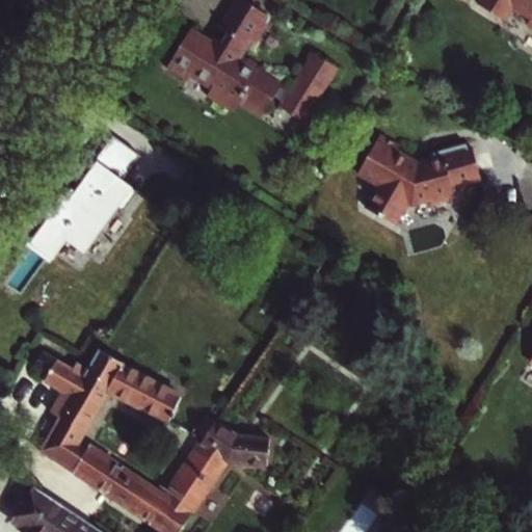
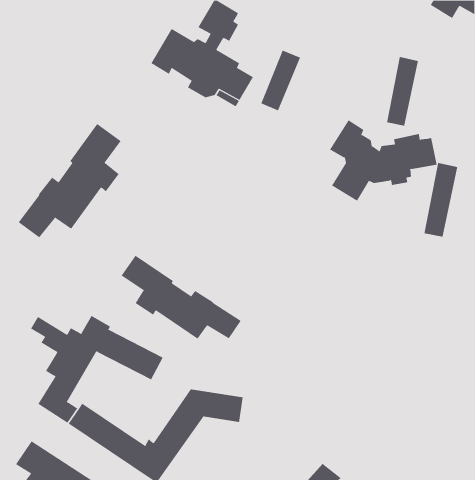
building: none -> [386,56,418,126]
building: none -> [424,162,458,238]
building: none -> [121,255,242,339]

